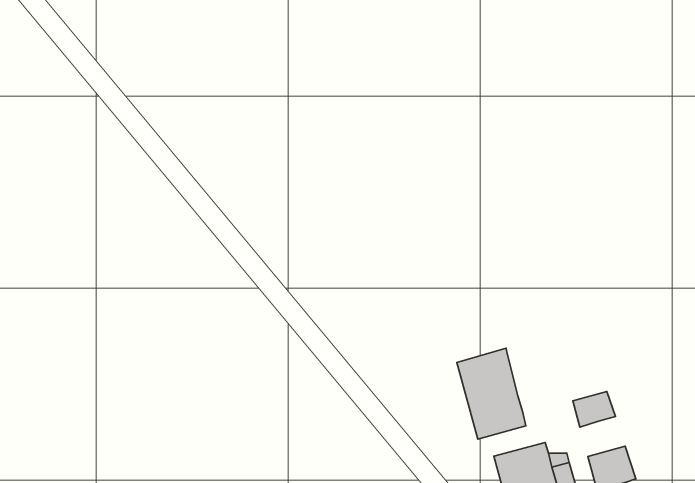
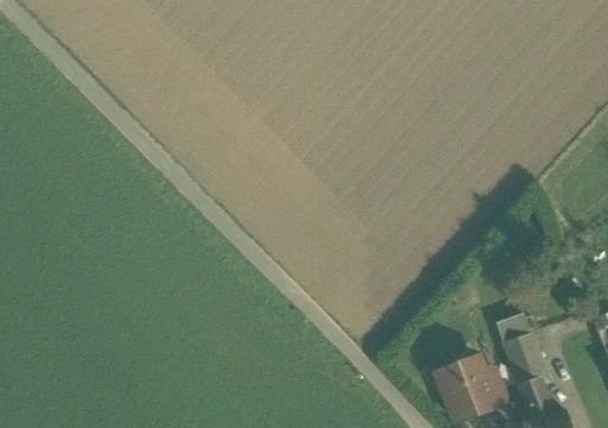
building: [457,348,526,439] -> none
building: none -> [505,333,542,366]

